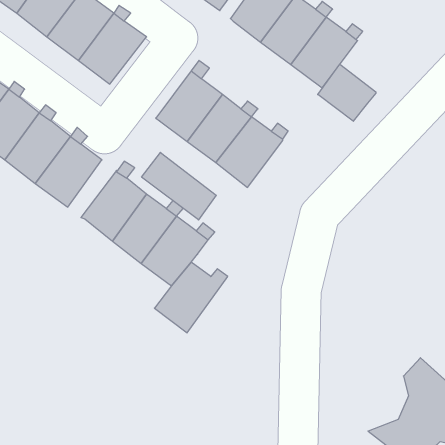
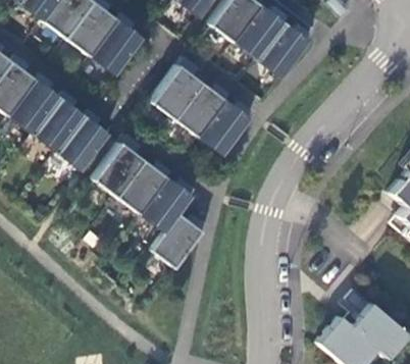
building: [318,64,376,121] -> none
building: [142,152,216,220] -> none

